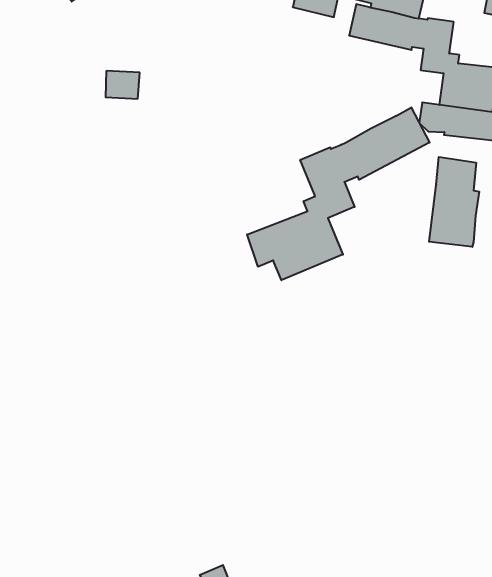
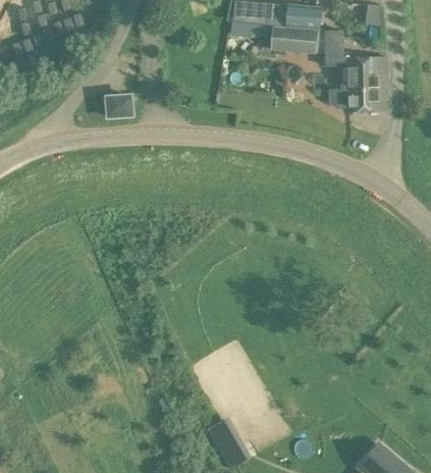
building: [247,107,430,280] -> none
building: [429,157,479,247] -> none

